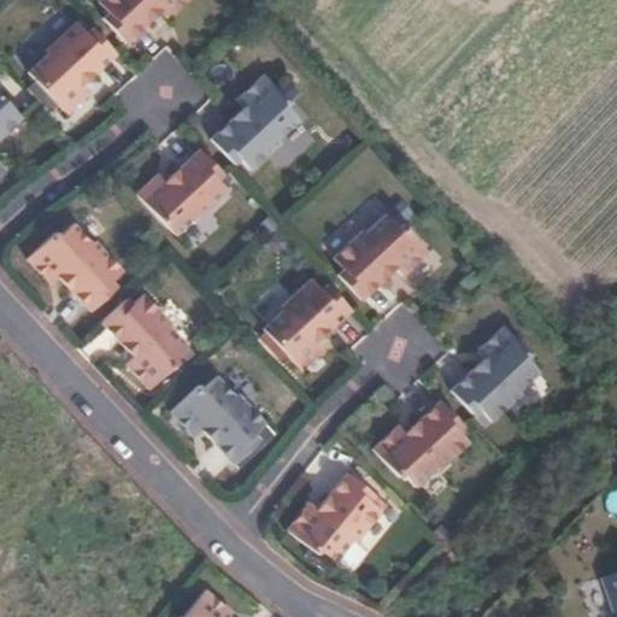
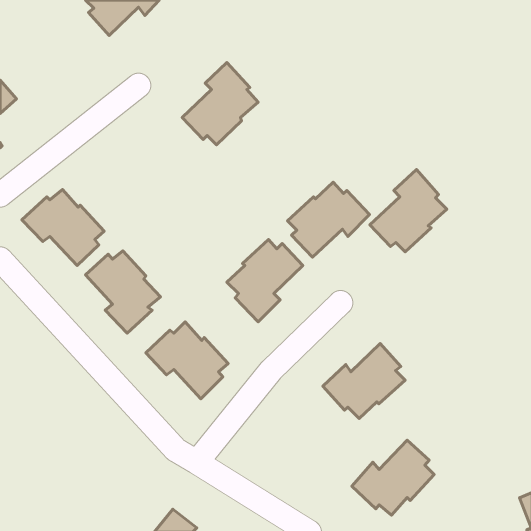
building: [29,20,117,116] -> none
building: [134,148,229,234] -> none
building: [452,325,541,421] -> [370,170,447,252]
building: [292,475,387,562] -> [352,440,434,515]

